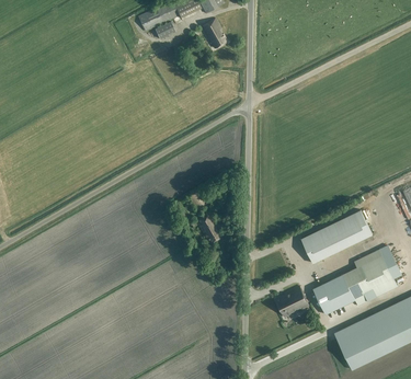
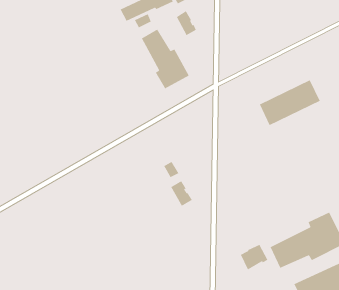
building: none -> [141,29,190,90]
building: [301,209,373,263] -> [259,79,321,126]

